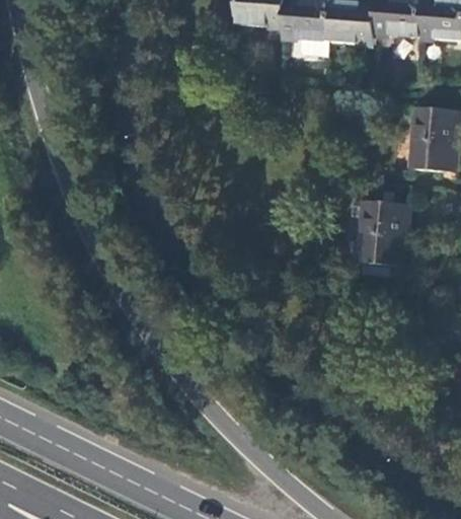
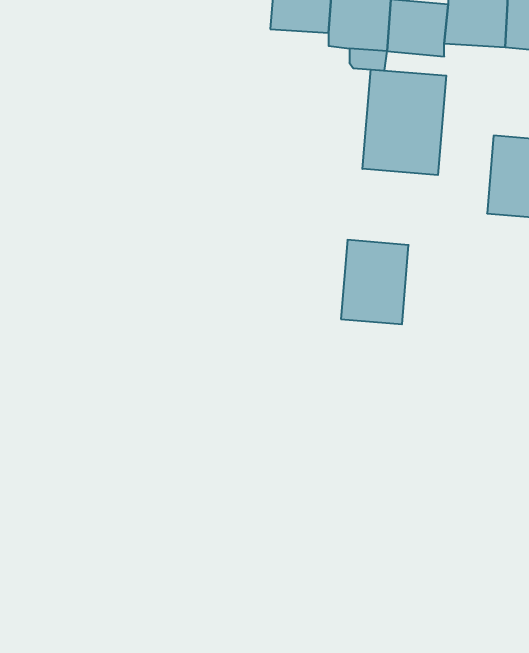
building: none -> [362,70,446,175]
building: [357,200,409,266] -> [341,240,409,324]

